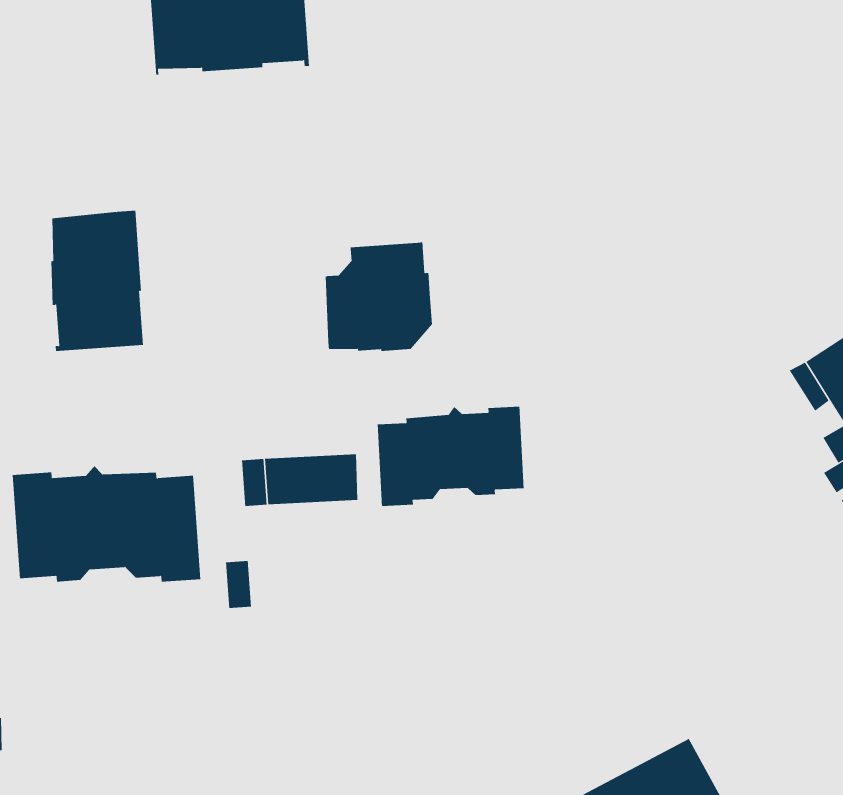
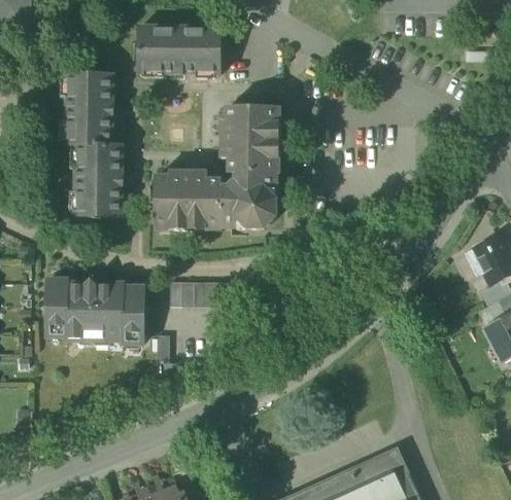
building: none -> [65,73,113,145]
building: none -> [222,106,279,173]
building: none -> [155,172,222,229]
building: [377,406,524,507] -> none

